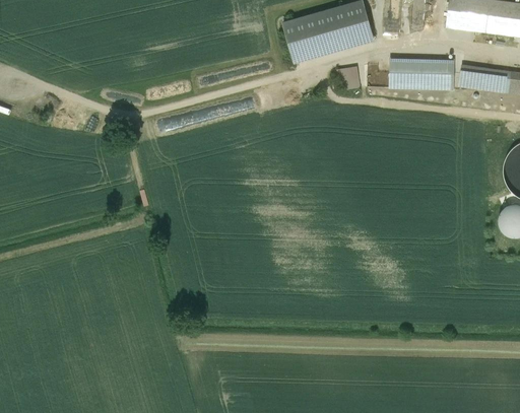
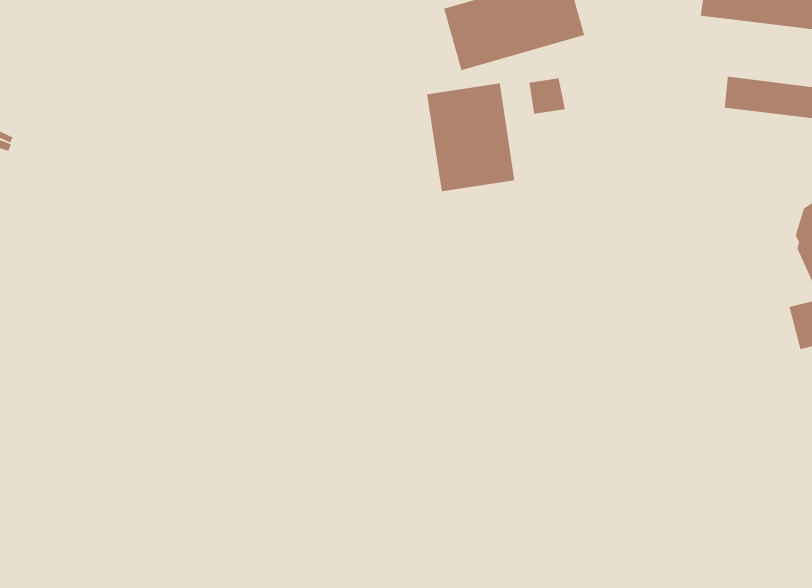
building: [391,59,453,89] -> none
building: none -> [426,83,515,192]

